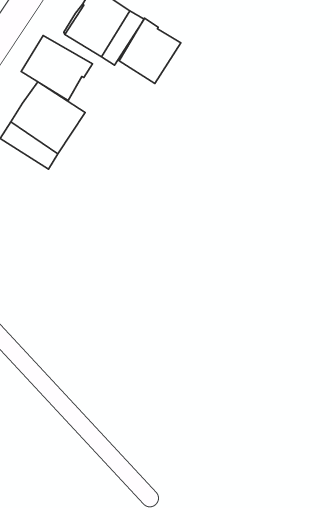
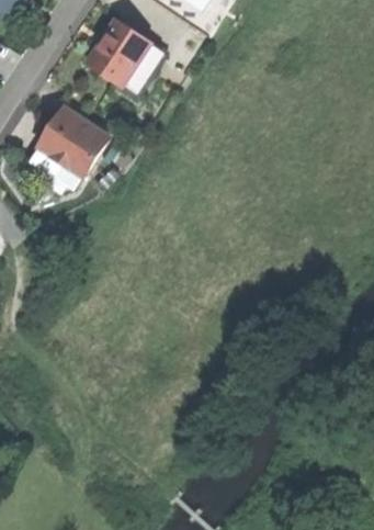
building: [119,18,181,84] -> none
building: [21,35,92,100] -> none

